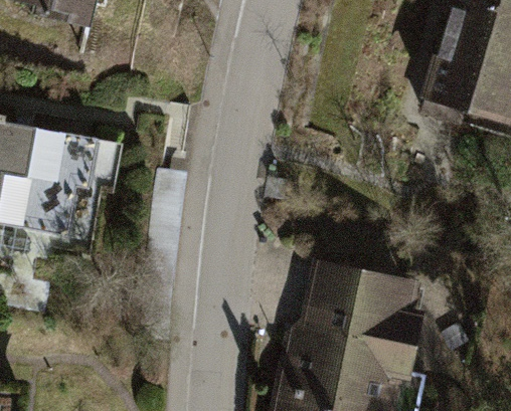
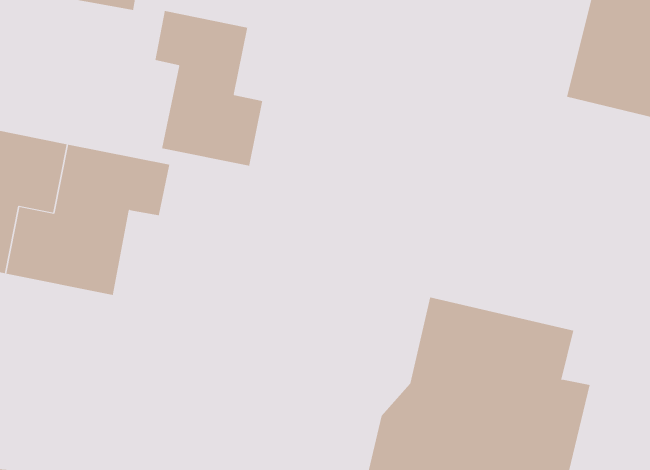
building: none -> [155,10,263,167]

